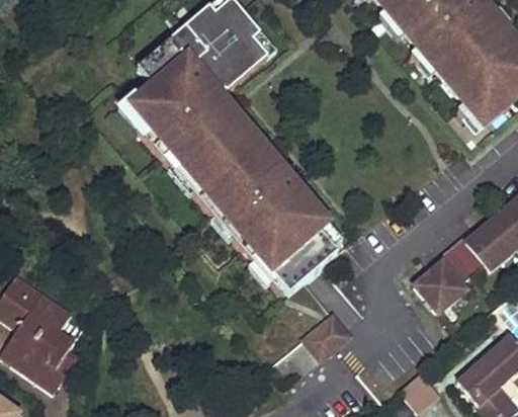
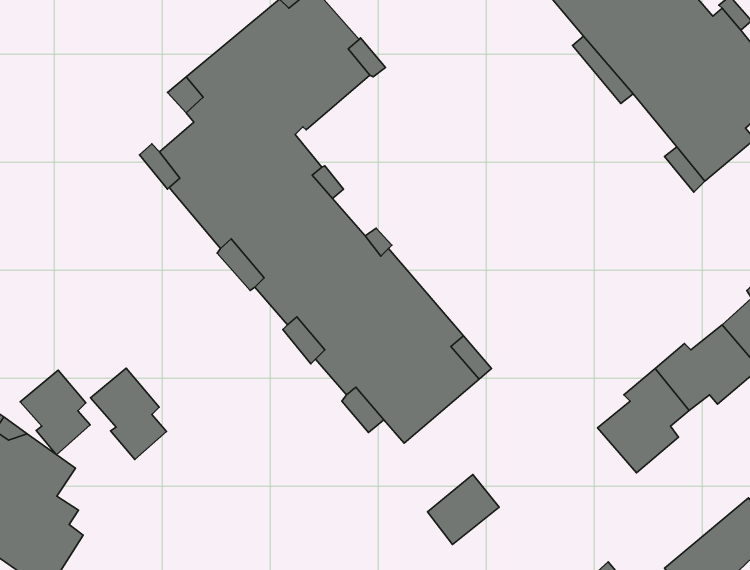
building: none -> [91,368,166,460]
building: none -> [20,370,90,455]

